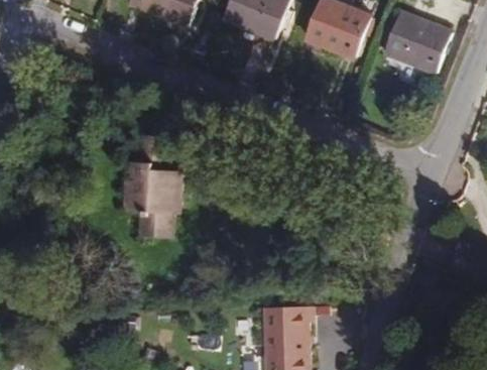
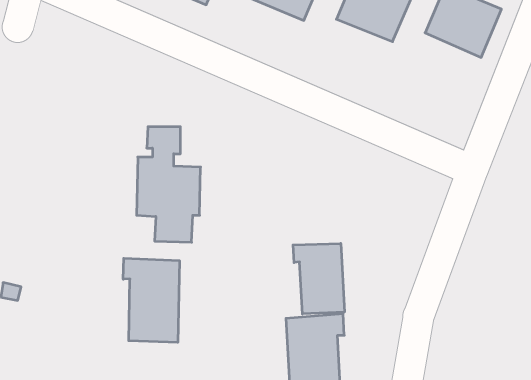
building: none -> [293,243,344,314]
building: none -> [123,258,179,342]

